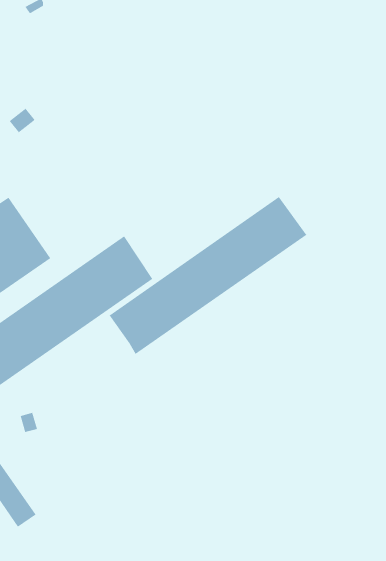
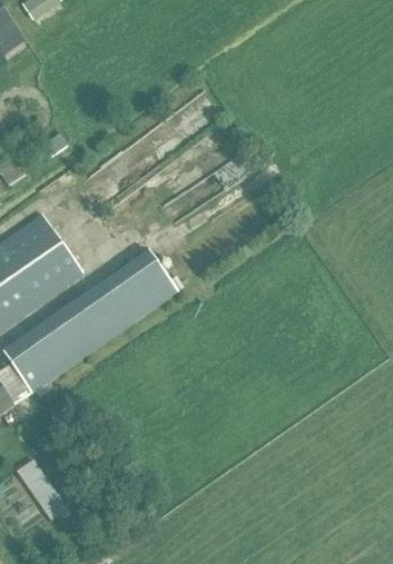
building: [109,196,307,355] -> none

